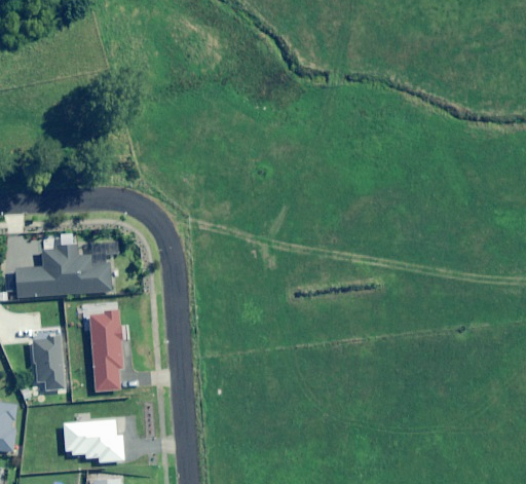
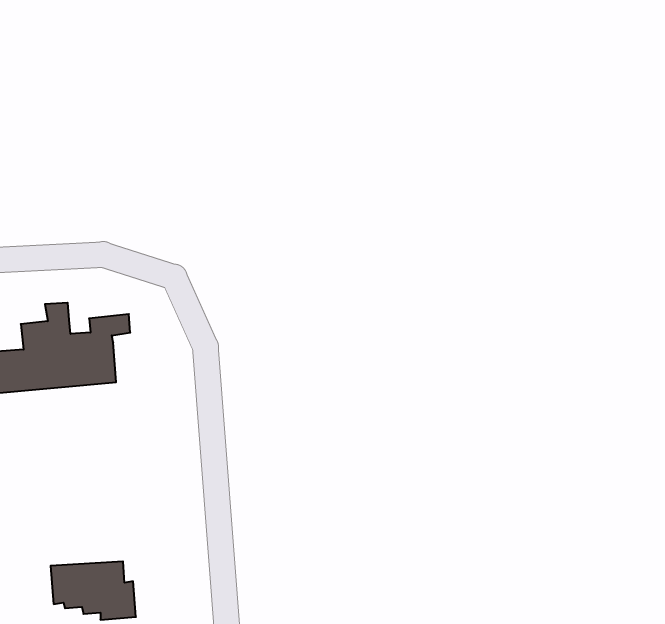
building: [88,310,121,392] -> none
building: [31,337,66,392] -> none

